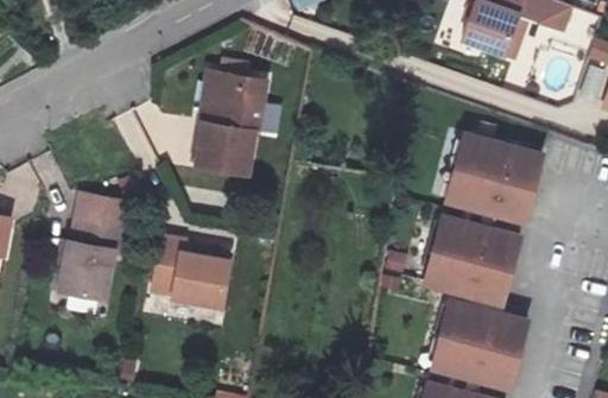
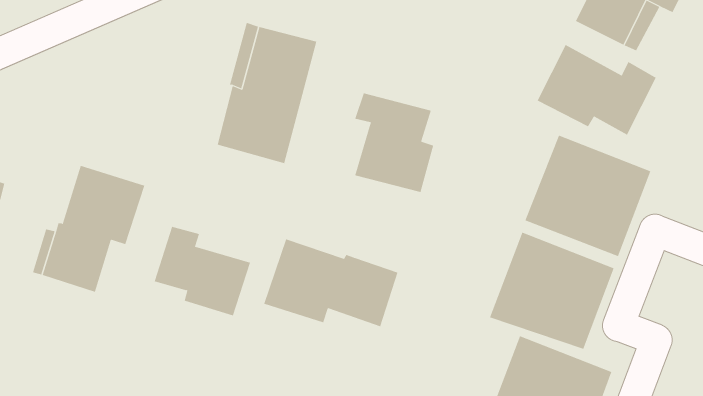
building: none -> [537,44,656,135]
building: none -> [355,92,434,193]
building: none -> [264,238,398,327]

